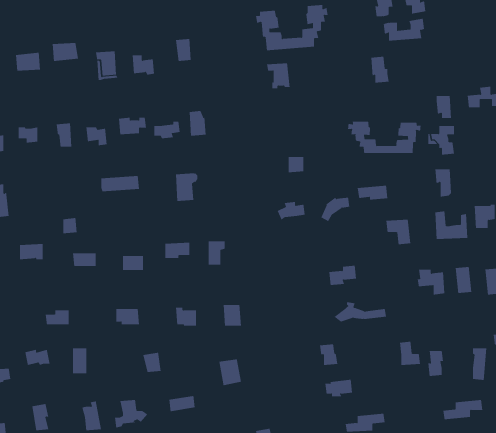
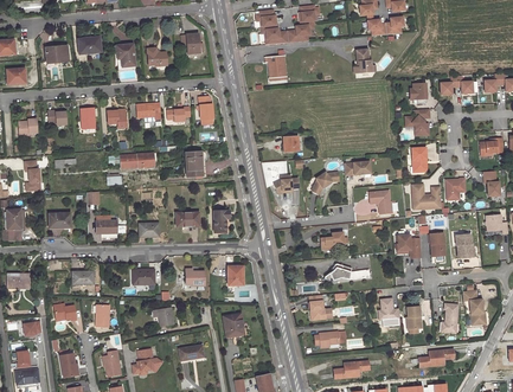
building: [347,121,421,154] -> none

